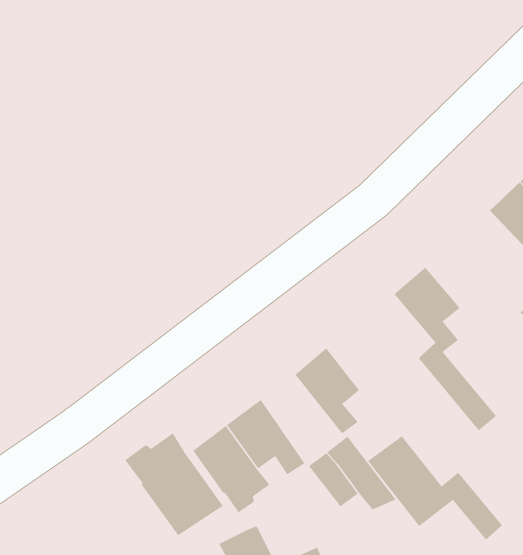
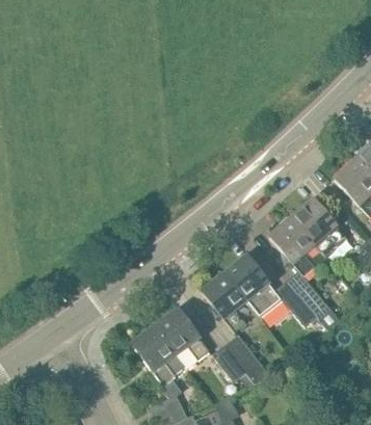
building: none -> [291,196,347,256]
building: [125,433,223,536] -> none
building: [367,435,503,540] -> [223,254,316,325]

